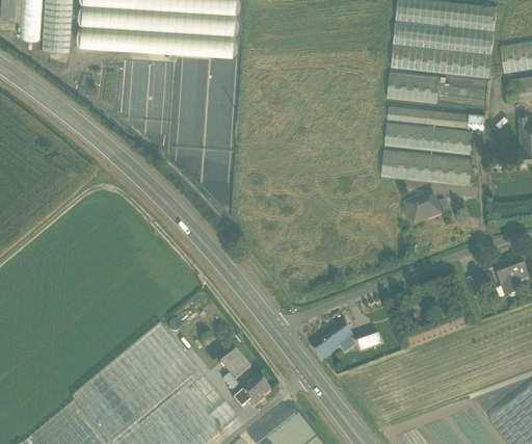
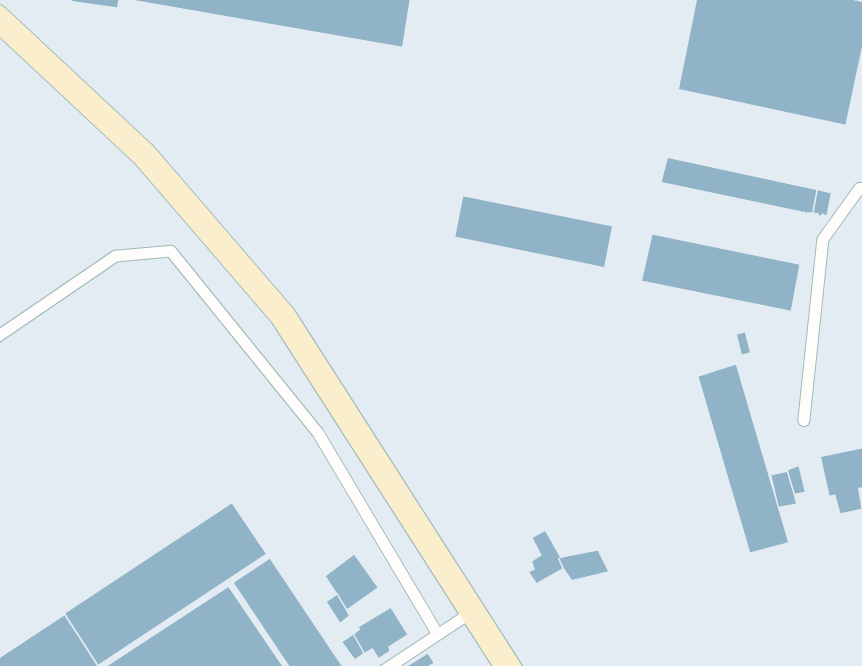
building: [385,69,487,106] -> none
building: [384,122,474,154] -> [455,196,613,267]
building: [406,192,440,220] -> none
building: none -> [698,364,789,553]
building: [311,329,341,359] -> none

